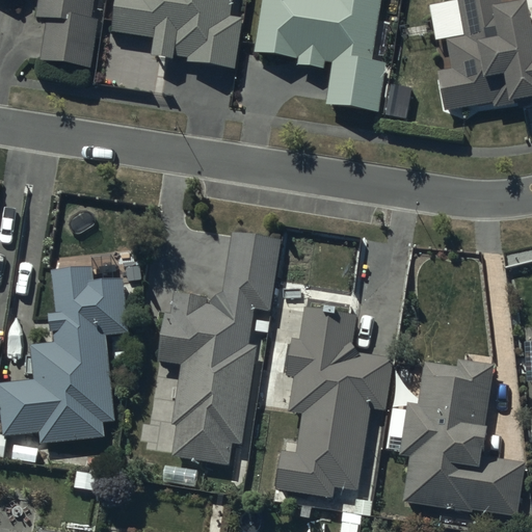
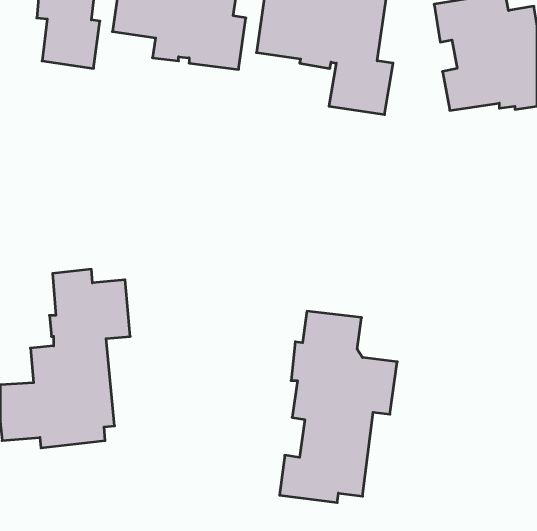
building: [159,232,282,464] -> none
building: [385,358,525,516] -> none

